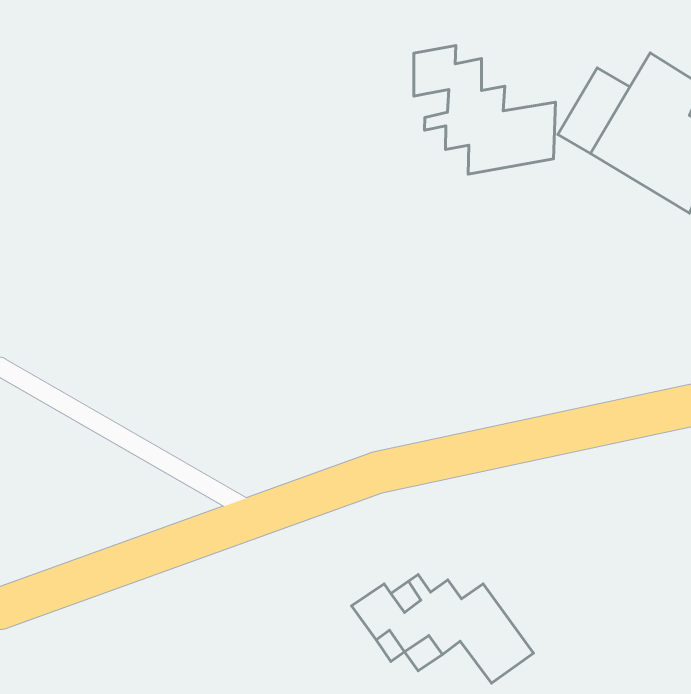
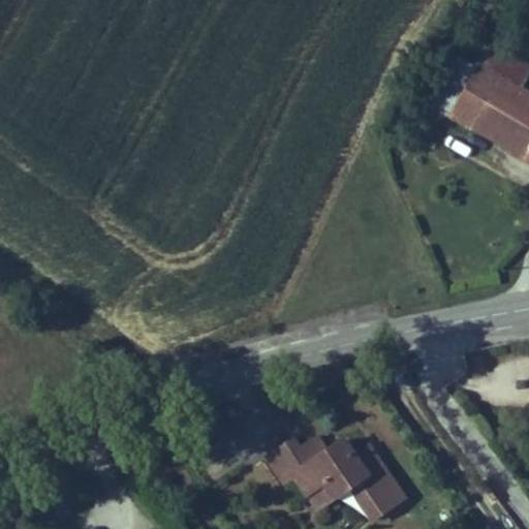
building: [414,46,555,174] -> none

